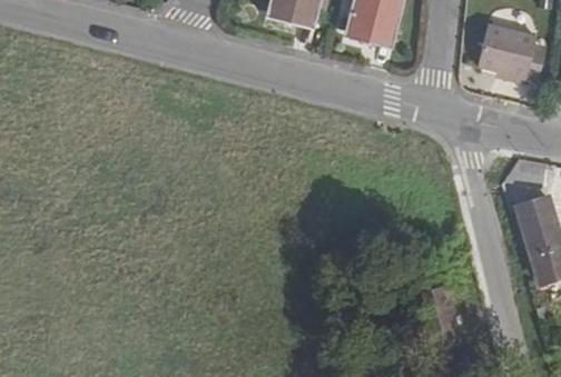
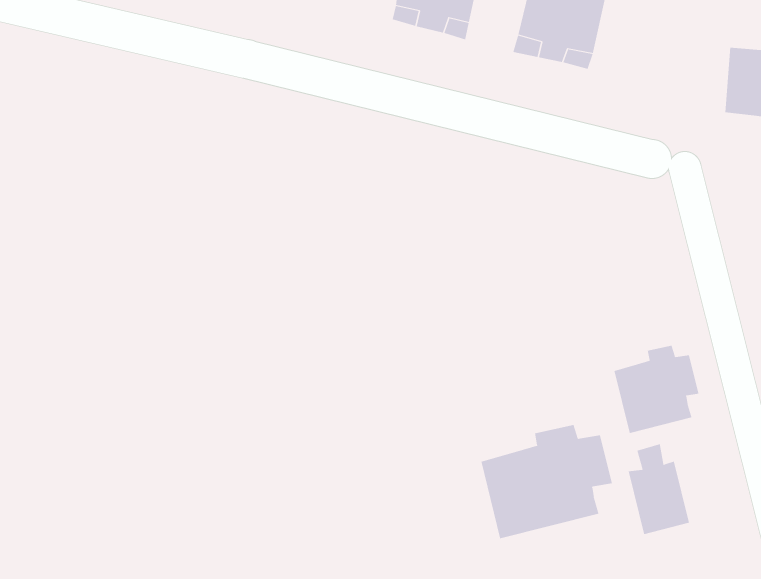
building: none -> [614,345,699,434]
building: none -> [481,424,612,539]

